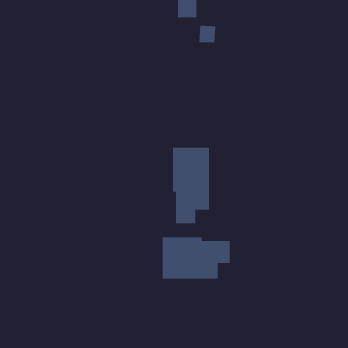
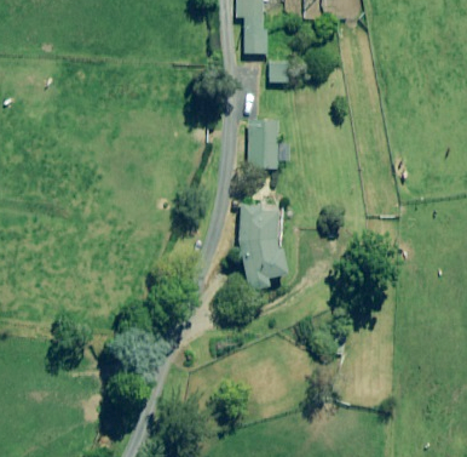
building: none -> [247,121,290,167]
building: [162,236,230,280] -> none

